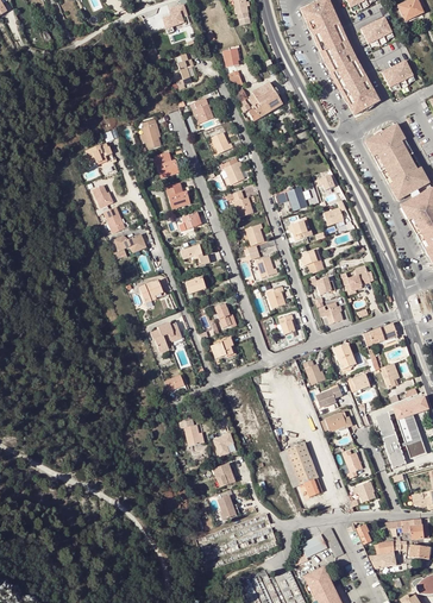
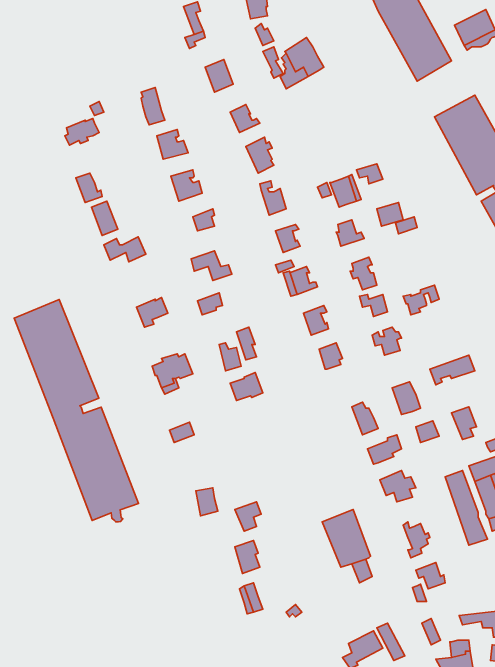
building: none -> [14,300,138,522]

